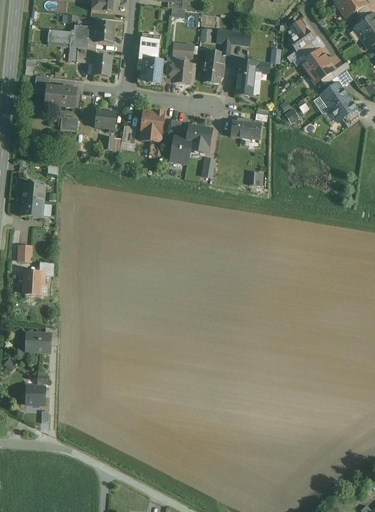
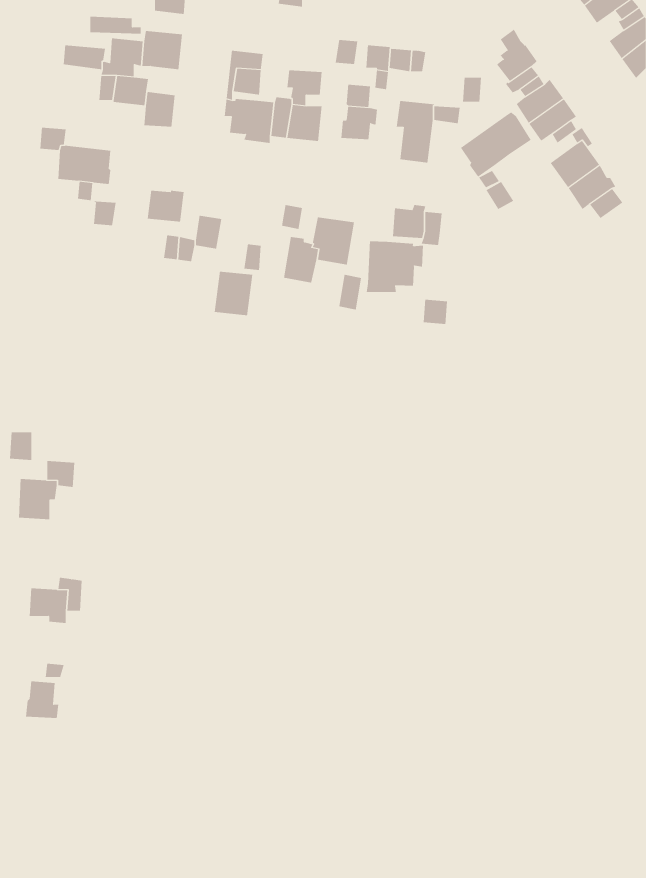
building: none -> [460,111,531,177]
building: [140,110,162,135] -> [214,271,253,316]
building: none -> [366,241,424,293]
building: [19,183,44,217] -> none

